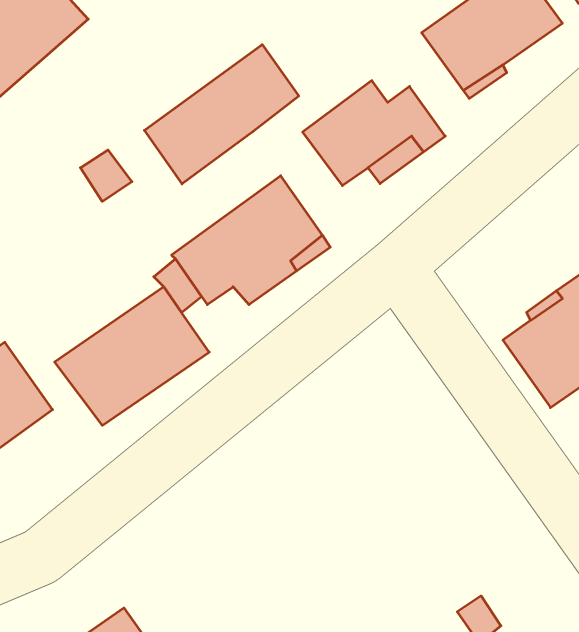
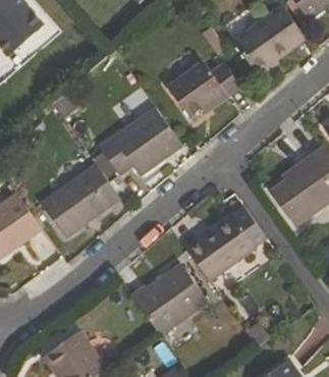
building: [144,45,299,184] -> none
building: none -> [186,212,265,280]
building: none -> [131,263,207,333]

